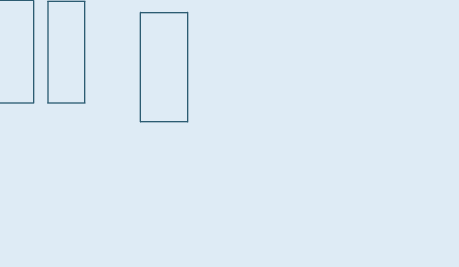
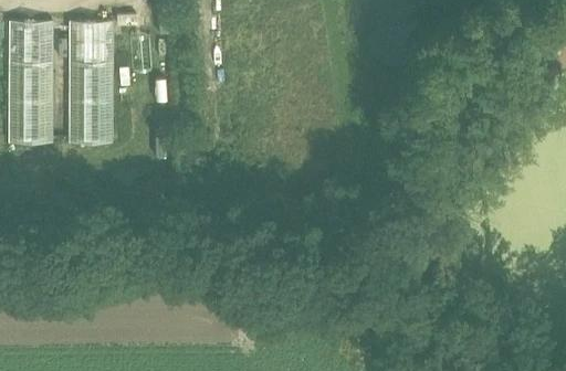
building: [141,12,188,122] -> none

